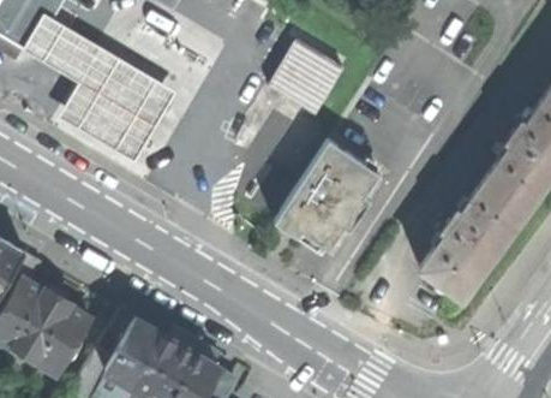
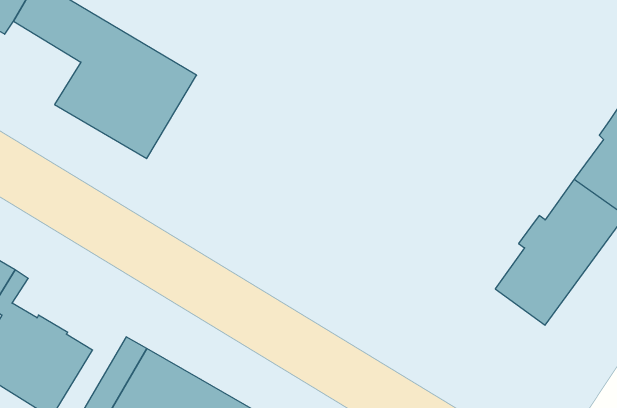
building: [269,42,345,117] -> none
building: [277,142,378,251] -> none

